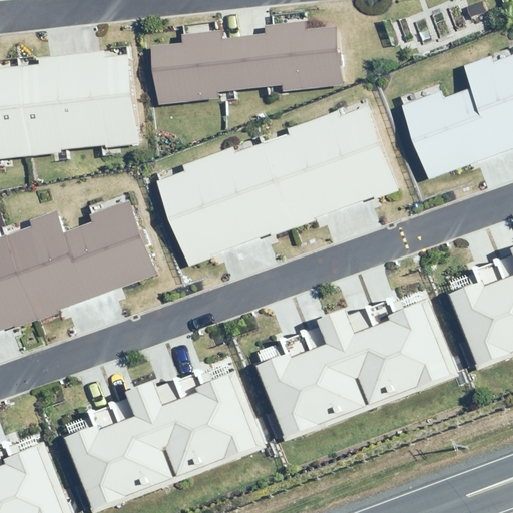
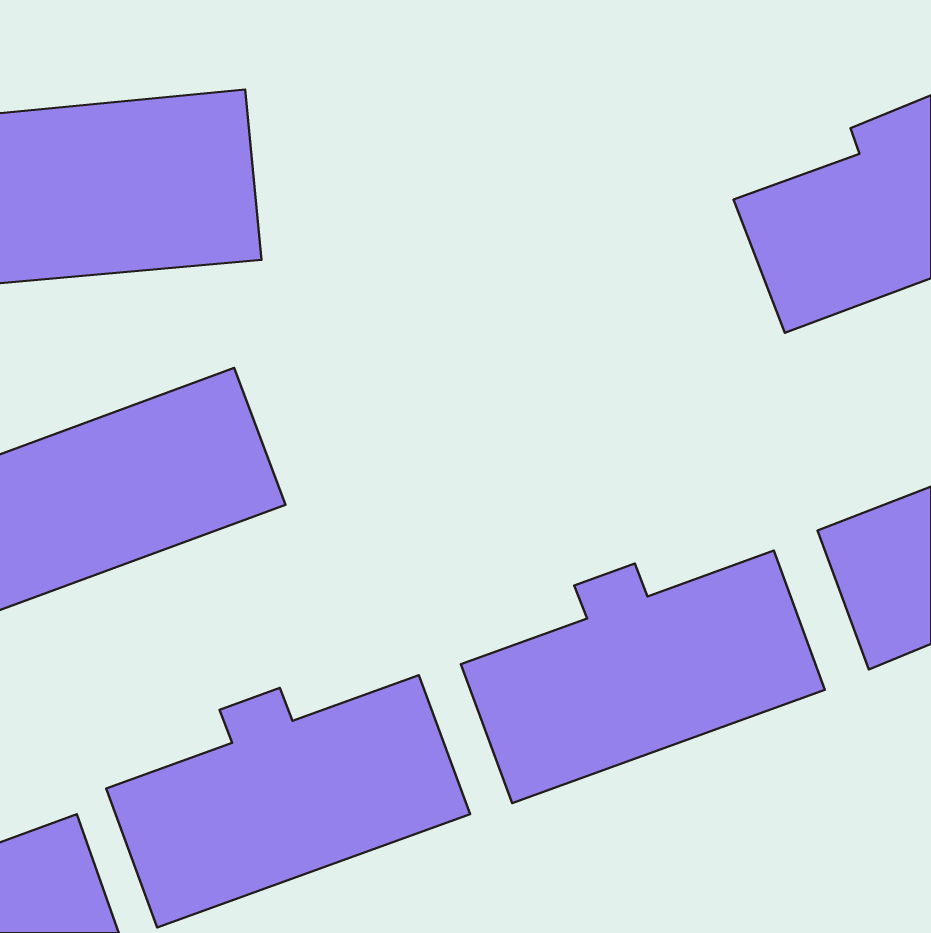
building: [152,26,340,97] -> none
building: [162,102,396,267] -> none

